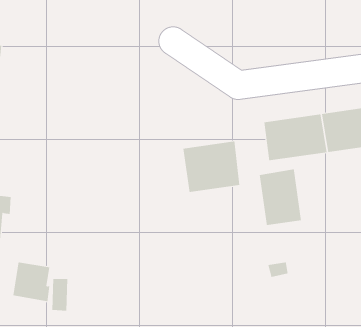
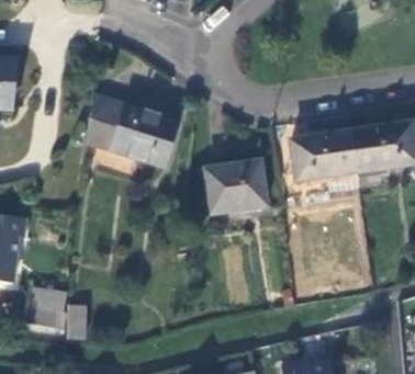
building: none -> [87,94,179,167]
building: [259,168,302,226] -> none

